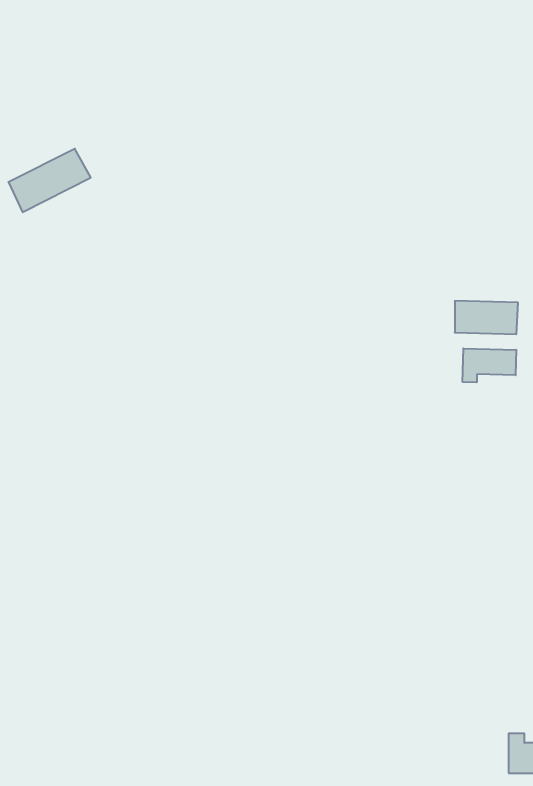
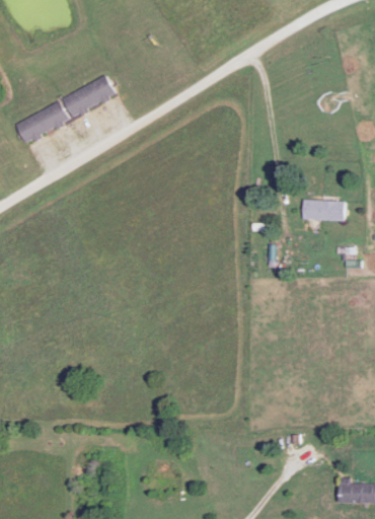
building: none -> [63,78,116,117]
building: [463,348,516,382] -> none

